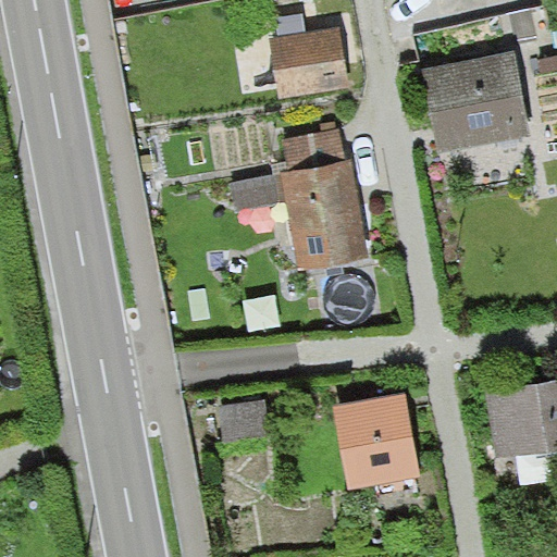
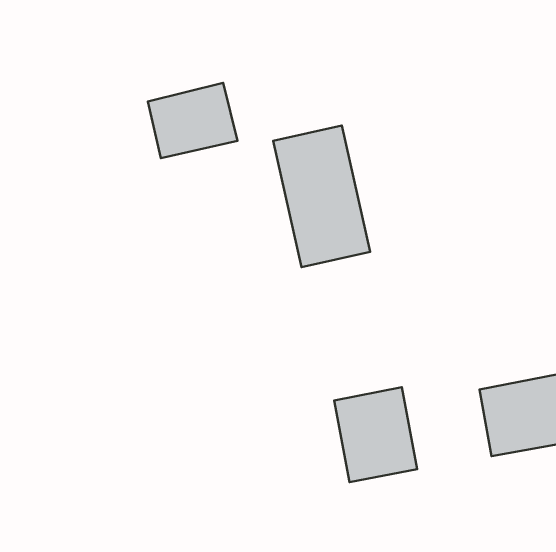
building: [262,24,351,99] -> [148,83,237,158]
building: [422,50,527,157] -> none

